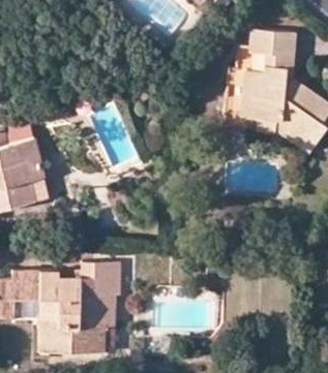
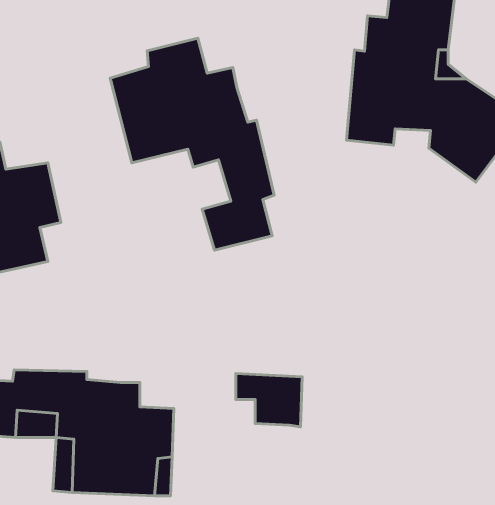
building: none -> [110,38,274,250]
building: [81,262,123,297] -> [236,374,302,427]

